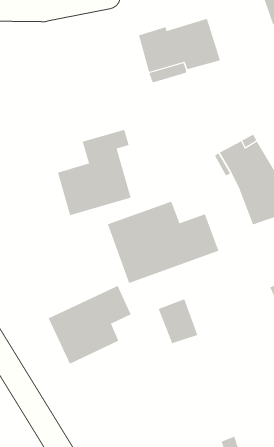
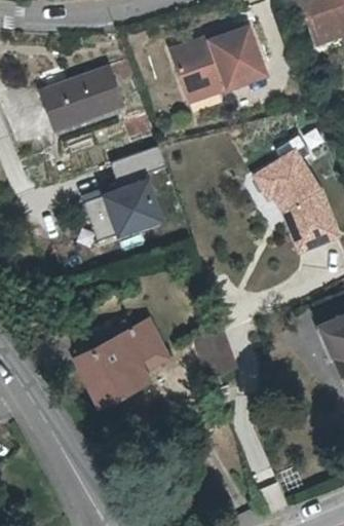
building: none -> [38,63,120,125]
building: [107,201,219,284] -> none

